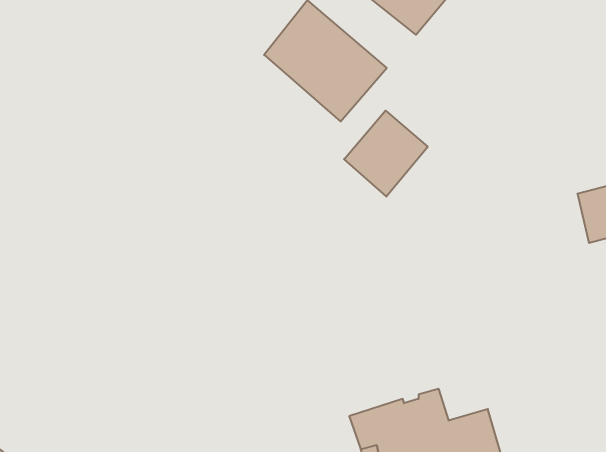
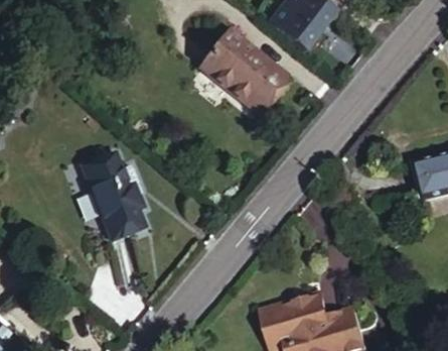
building: [344,111,428,197] -> none
building: none -> [82,155,147,242]

